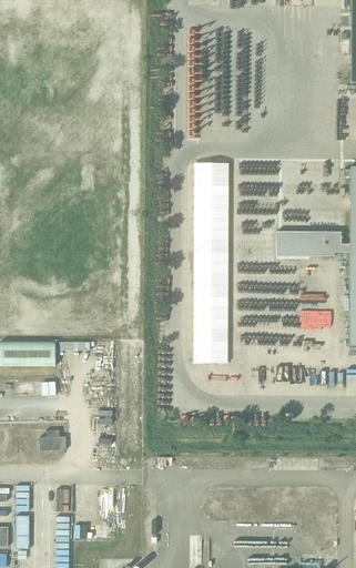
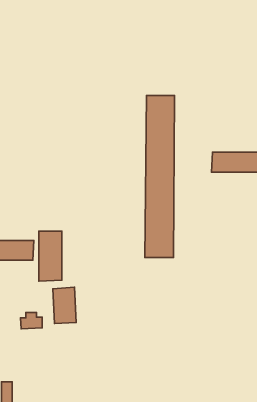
building: none -> [39,231,62,281]
building: none -> [53,287,76,323]

